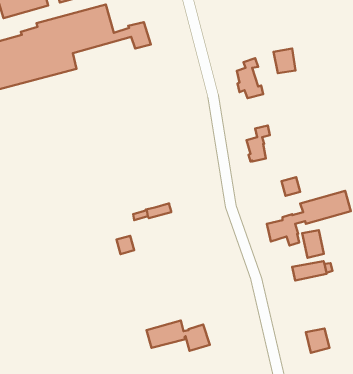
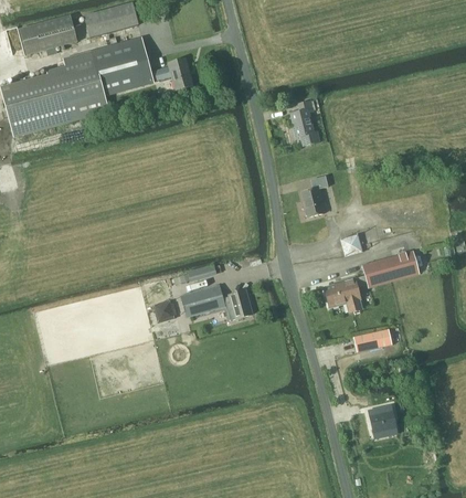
building: [274,49,296,73] -> none
building: [302,230,324,258] -> none
building: [147,320,210,351] -> [181,285,253,319]

